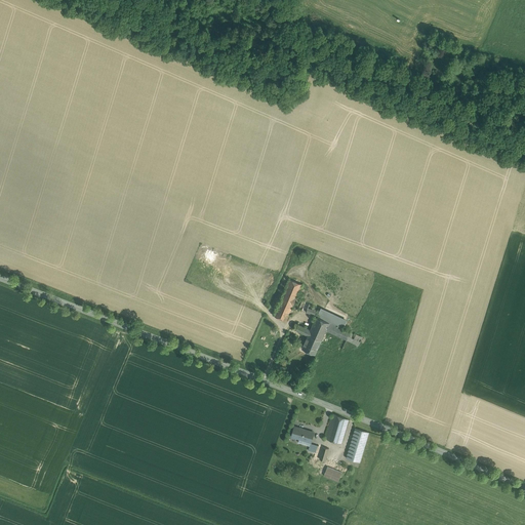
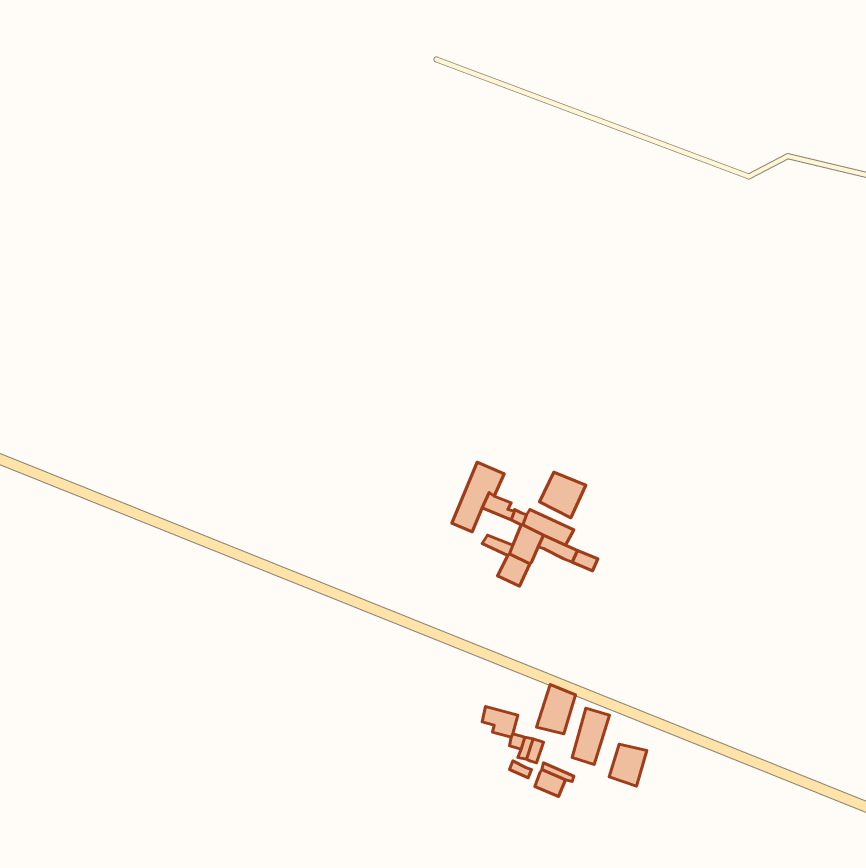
building: none -> [539,472,586,518]
building: none -> [609,744,647,786]

